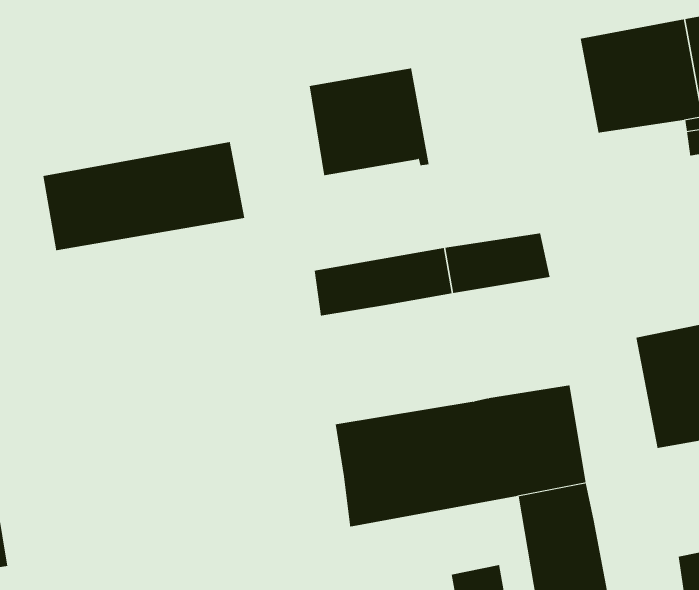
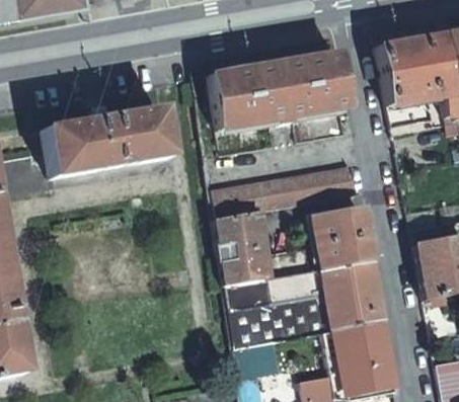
building: none -> [274,53,349,124]
building: none -> [312,210,372,268]
building: none -> [217,211,312,285]

